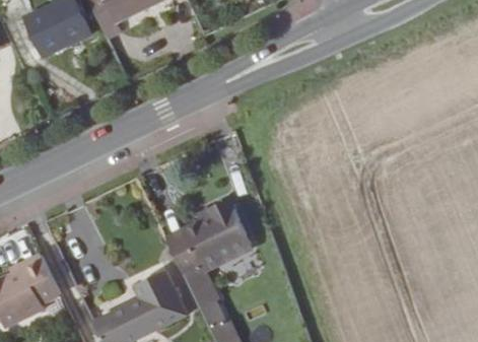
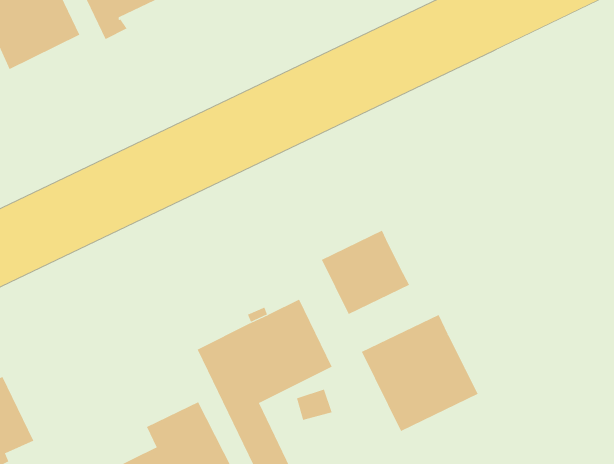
building: none -> [321,230,410,315]
building: none -> [361,314,478,432]

